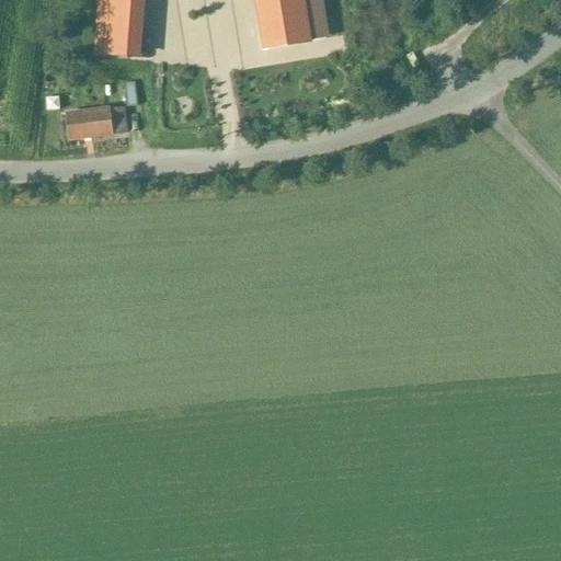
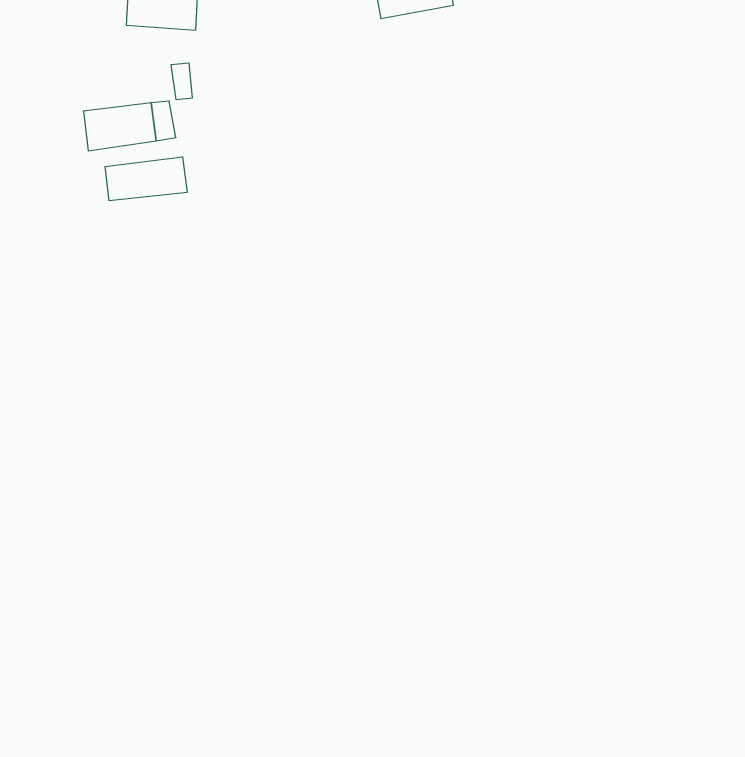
building: none -> [105,157,187,201]

